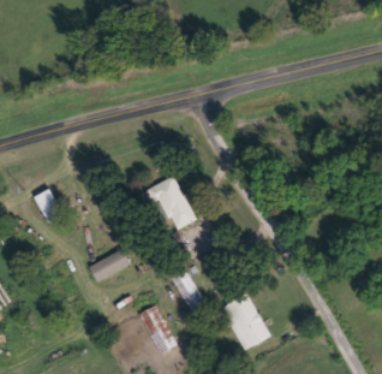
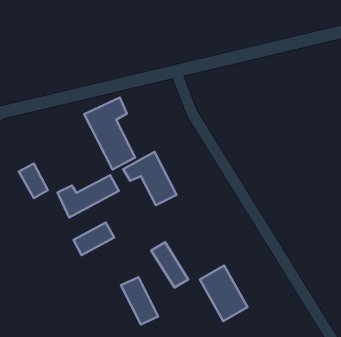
building: none -> [84,98,135,169]
building: none -> [58,175,119,217]

